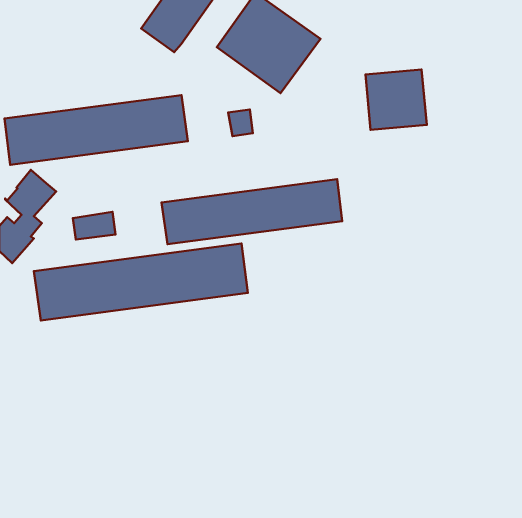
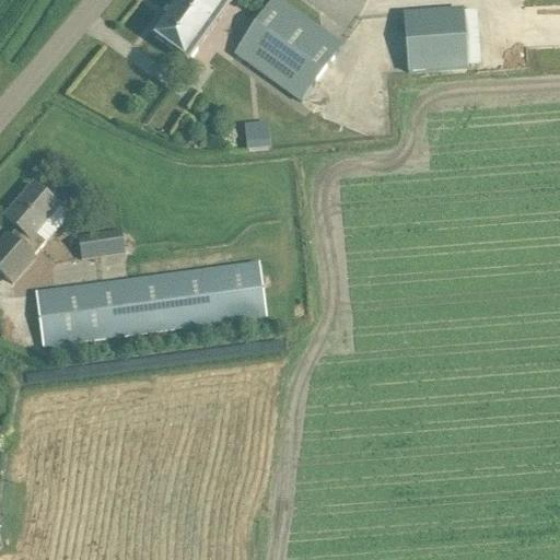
building: [365,69,427,130] -> [402,5,468,70]
building: [5,95,188,165] -> none
building: [162,179,342,244] -> none

